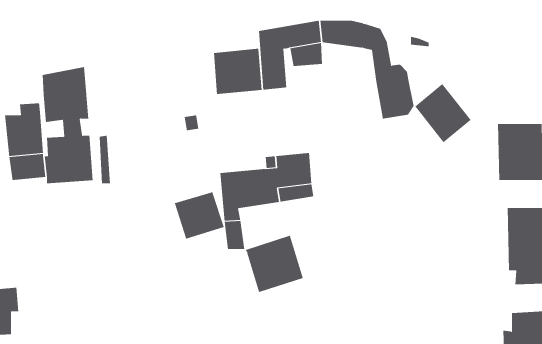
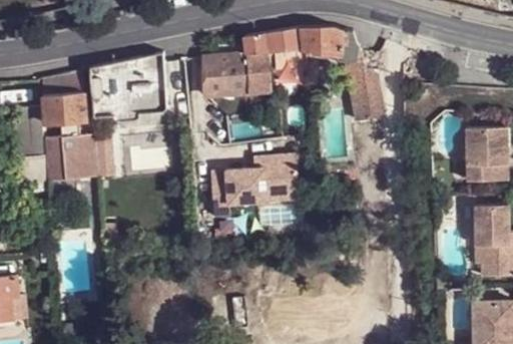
building: none -> [89,55,168,119]
building: [414,83,471,143] -> none
building: [174,191,224,239] -> none
building: [245,235,304,293] -> none

